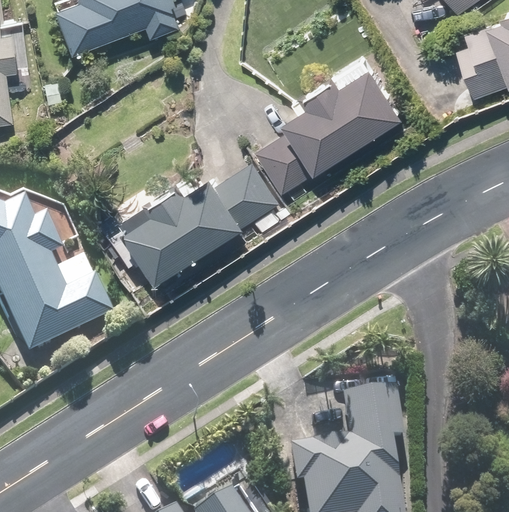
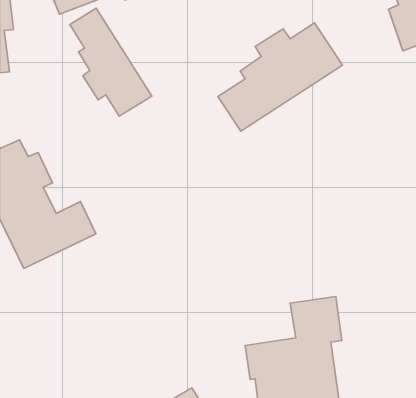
building: none -> [70,8,152,116]
building: [114,161,283,281] -> none

